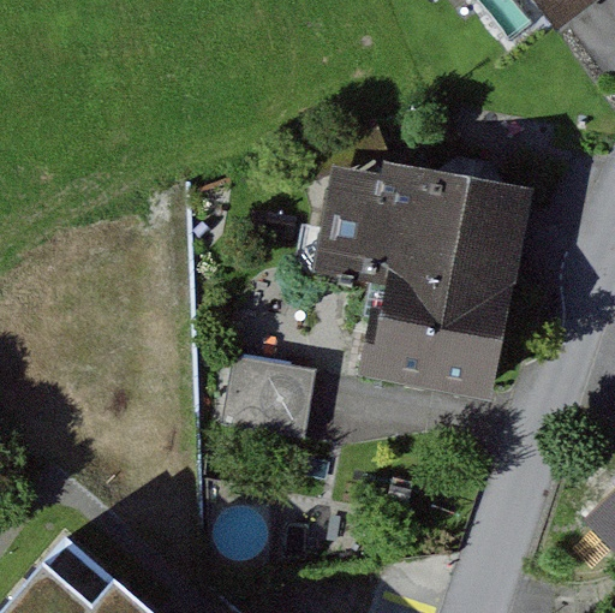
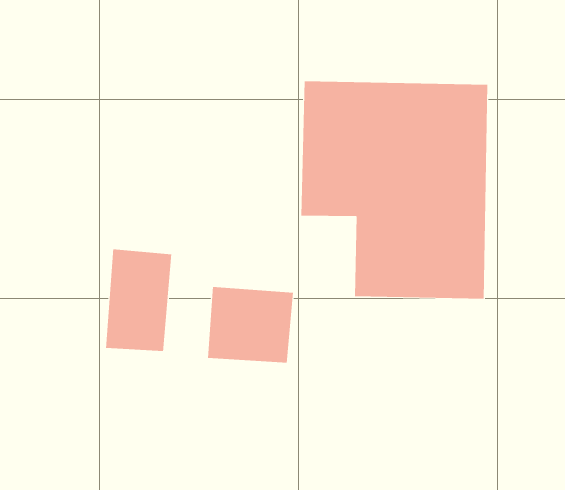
building: none -> [105,249,172,352]

